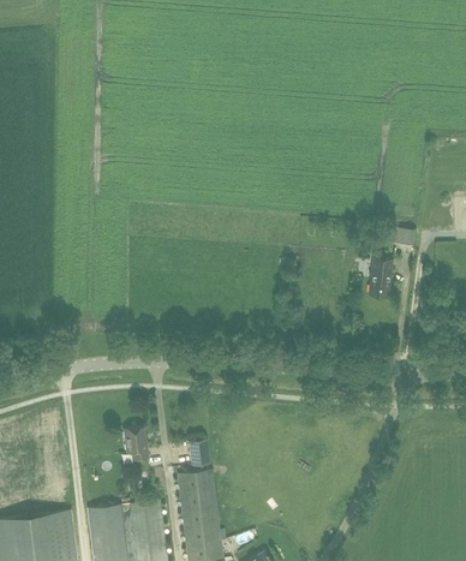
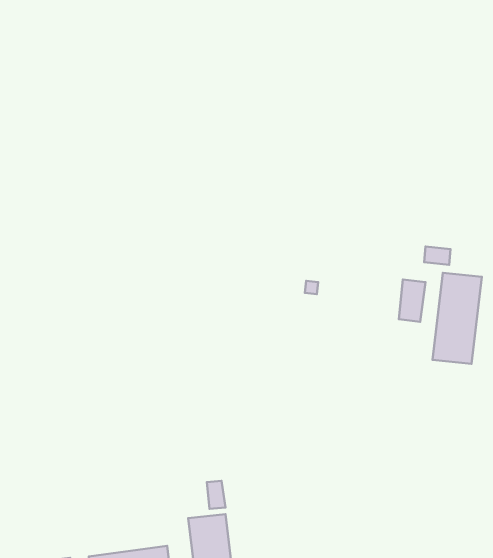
building: none -> [433,273,482,364]
building: [124,426,148,459] -> none

